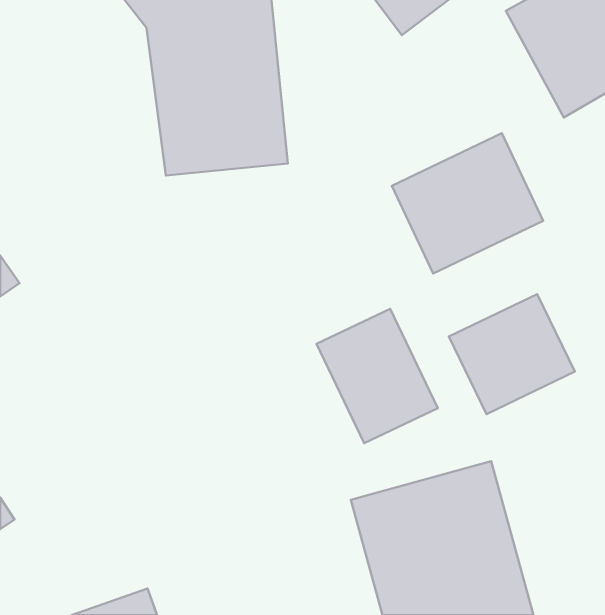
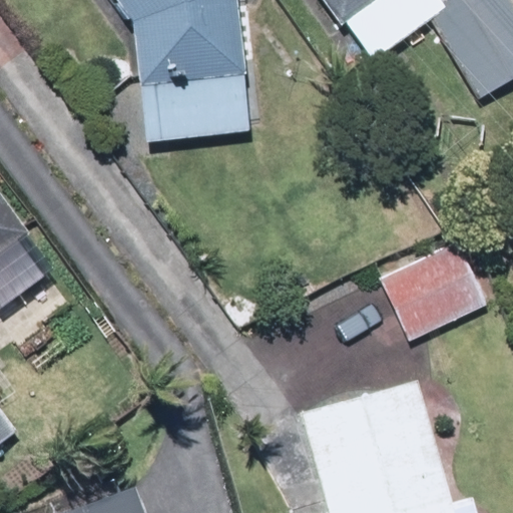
building: [392,133,543,273] -> none
building: [316,309,438,443] -> none

